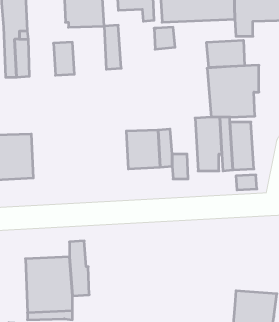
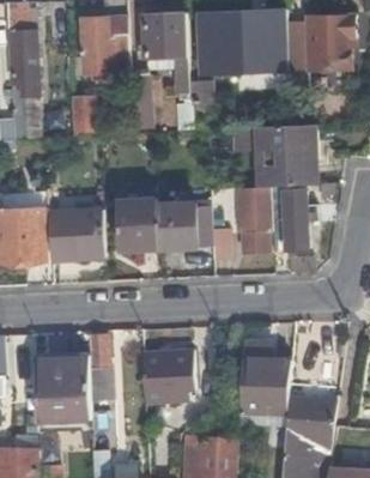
building: [207,40,245,68] -> none
building: none -> [116,199,158,252]
building: none -> [49,210,104,260]
building: none -> [238,343,290,423]
building: none -> [142,349,196,403]

